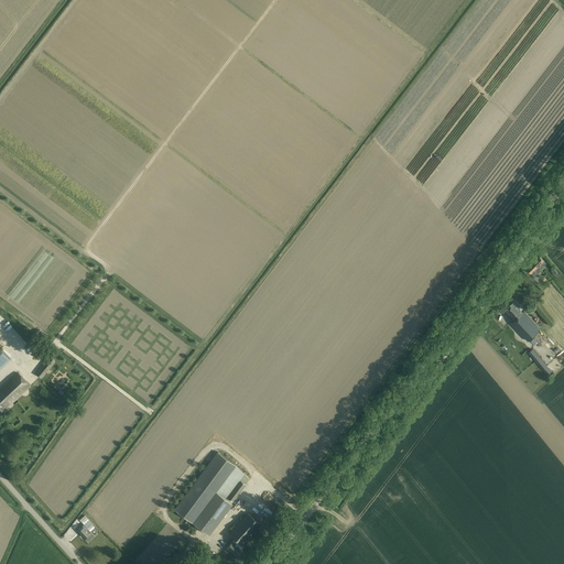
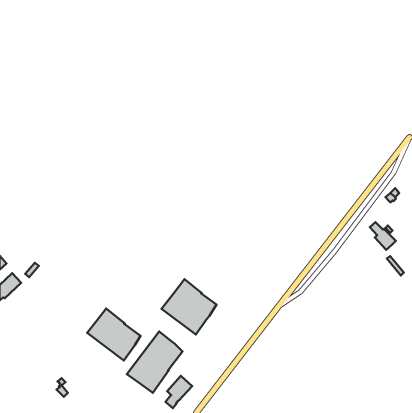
building: none -> [162,279,216,335]
building: none -> [87,309,140,361]

